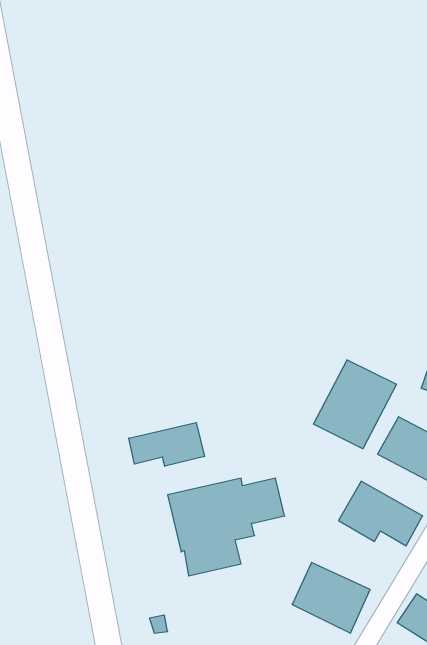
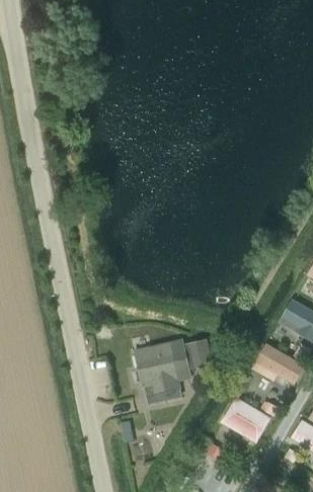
building: [313,360,397,449] -> none
building: [129,423,204,466] -> none

